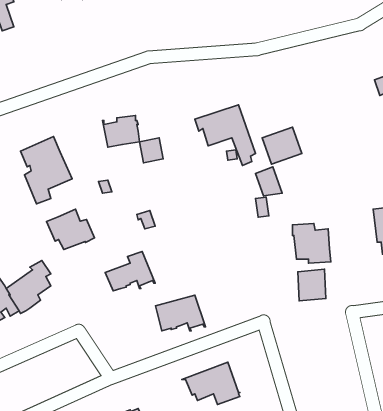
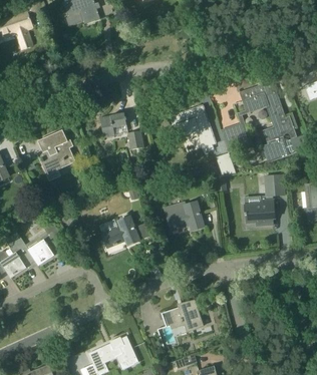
building: none -> [239,81,307,162]
building: [46,209,95,250] -> none
building: [298,269,326,301] -> [264,173,285,198]
building: [155,295,206,331] -> [166,203,204,230]

